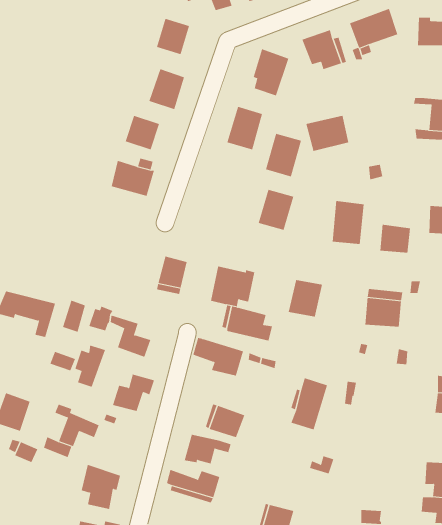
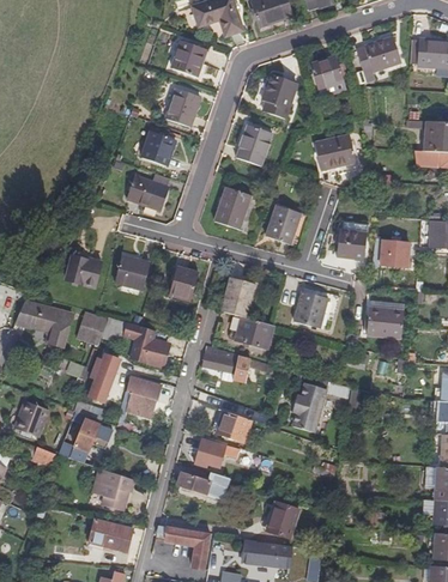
building: [265,133,302,177] -> [216,189,250,231]
building: none -> [117,251,151,290]
building: none -> [66,254,102,289]

